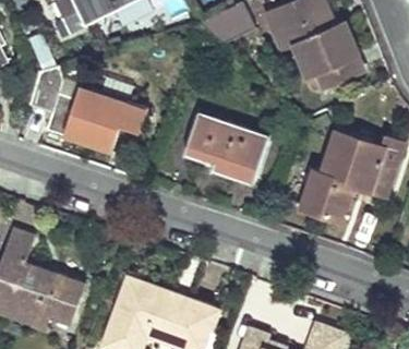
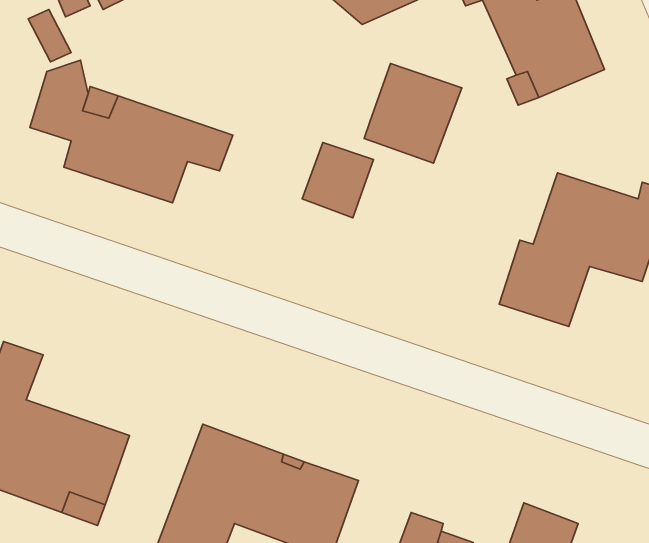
building: [213,123,269,181] -> [364,64,462,163]

